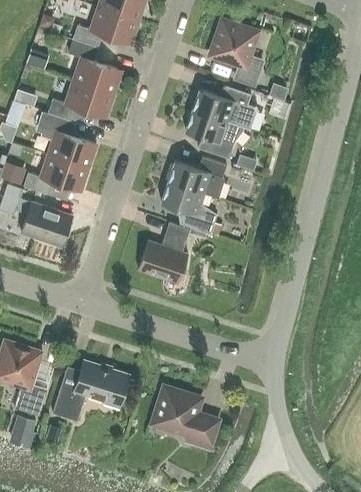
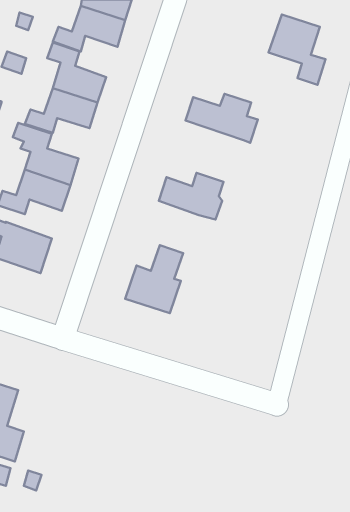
building: [210,21,261,84] -> [269,15,325,85]
building: [185,110,245,158] -> none
building: [161,182,216,234] -> none
building: [52,360,129,421] -> none
building: [152,386,219,448] -> none

